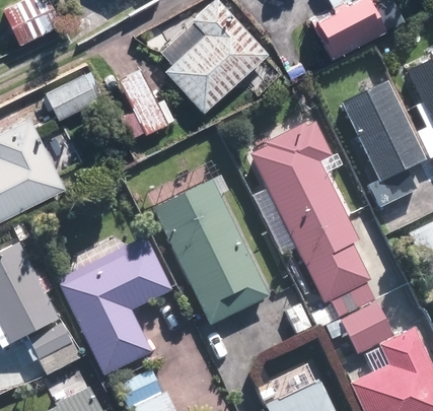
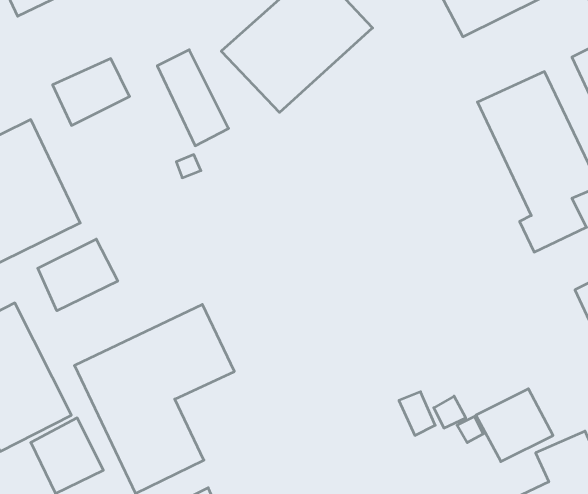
building: [249,121,375,317] -> none
building: [153,180,269,325] -> none
building: none -> [38,239,118,311]

